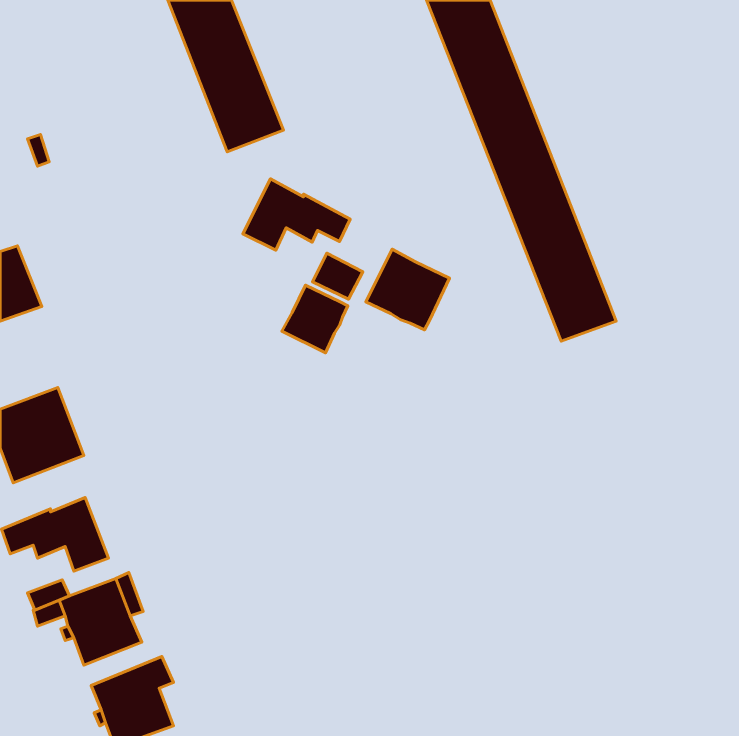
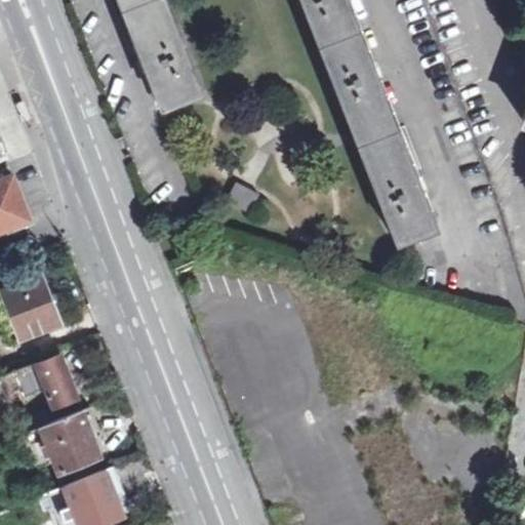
building: [243,179,350,250] -> none
building: [366,249,450,330] -> none
building: [282,285,348,353] -> none

